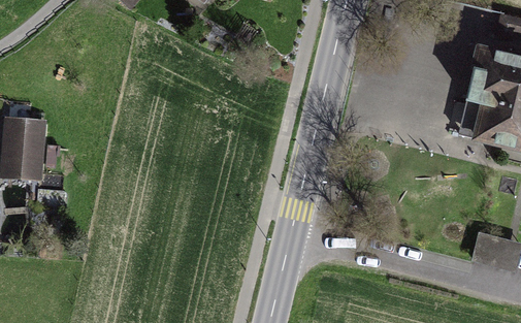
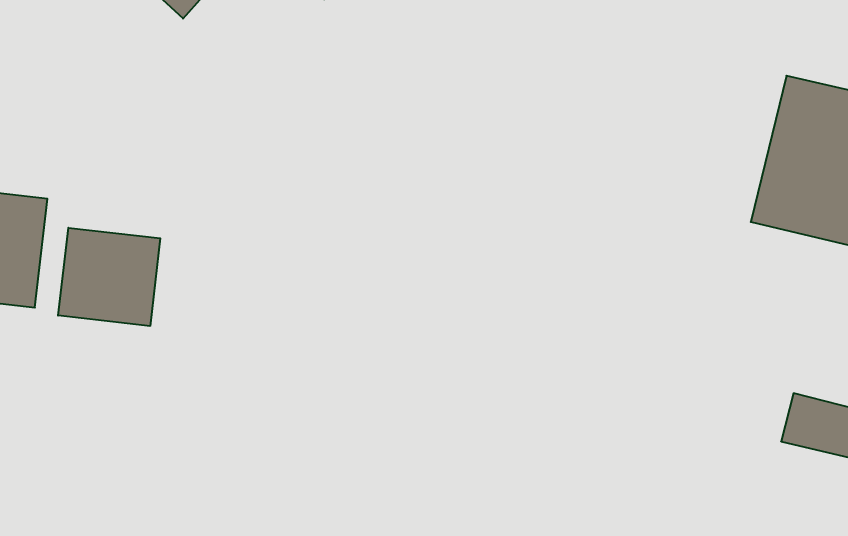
building: none -> [58,228,160,326]

